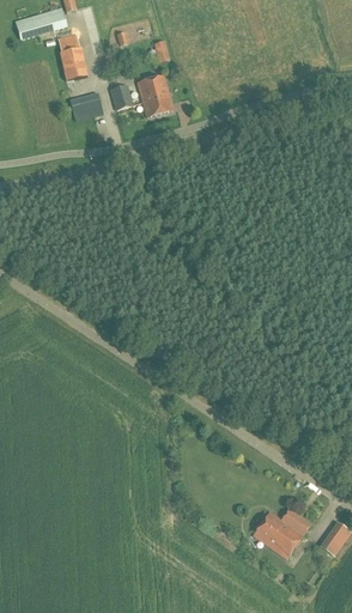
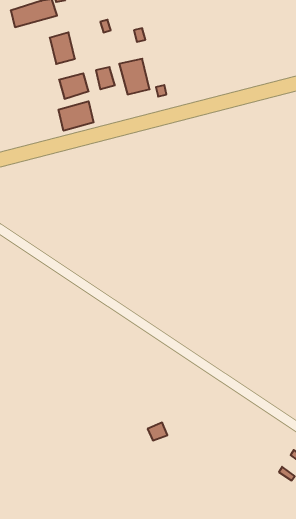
building: none -> [59,101,94,131]
building: [253,508,311,558] -> none

